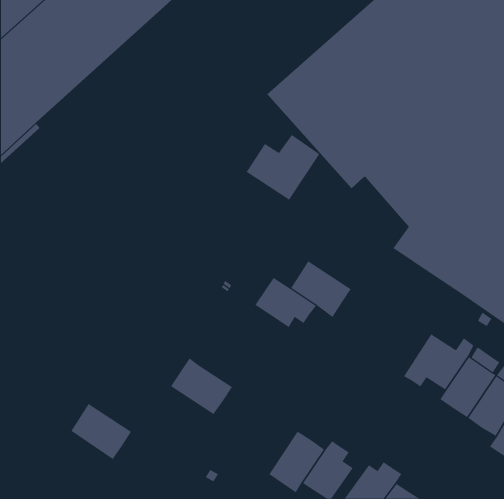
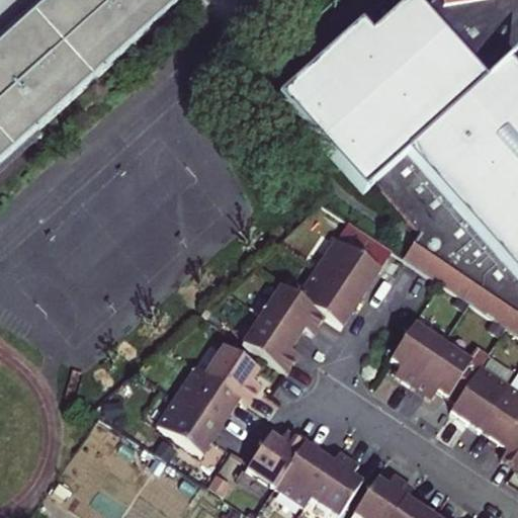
building: [246,134,320,201] -> [317,228,393,295]
building: none -> [243,312,299,370]
building: none -> [392,322,442,384]
building: none -> [204,344,262,402]
building: [70,403,132,460] -> [158,395,221,452]
building: none -> [247,428,306,485]

